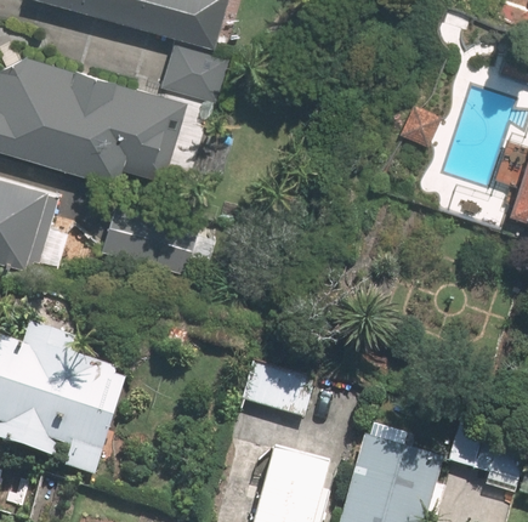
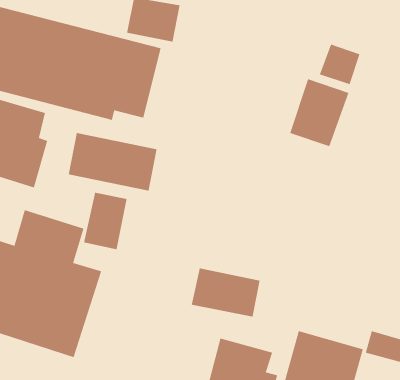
building: none -> [289,78,349,147]
building: none -> [83,192,128,250]

